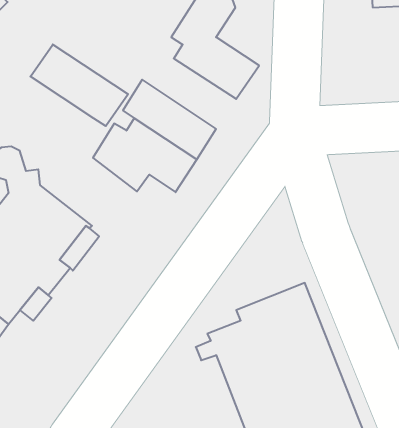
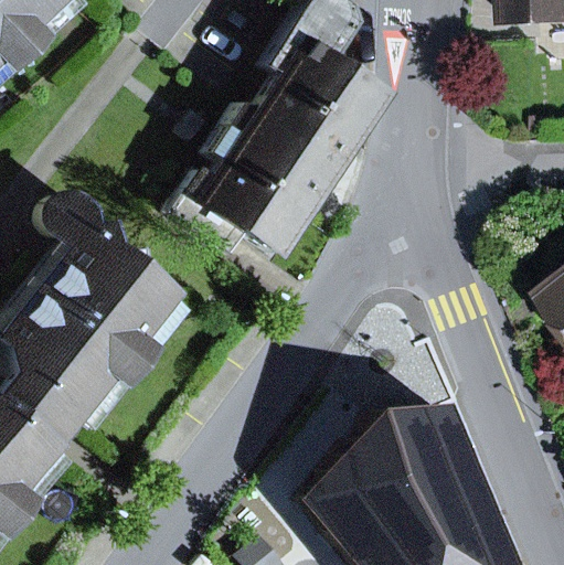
building: [30,44,128,126] -> none
building: none -> [228,89,347,178]

